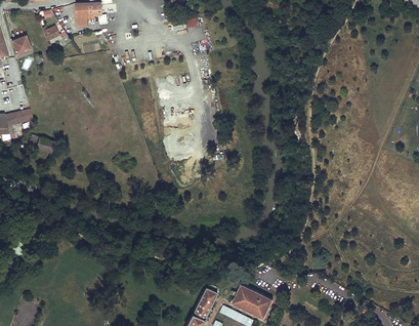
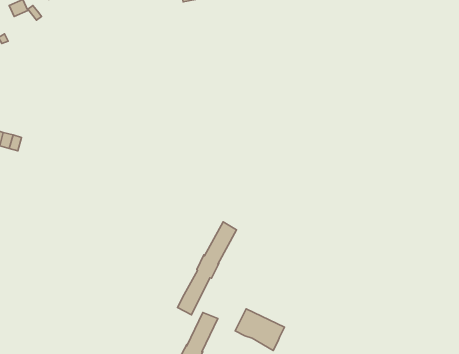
building: none -> [177,222,236,315]

